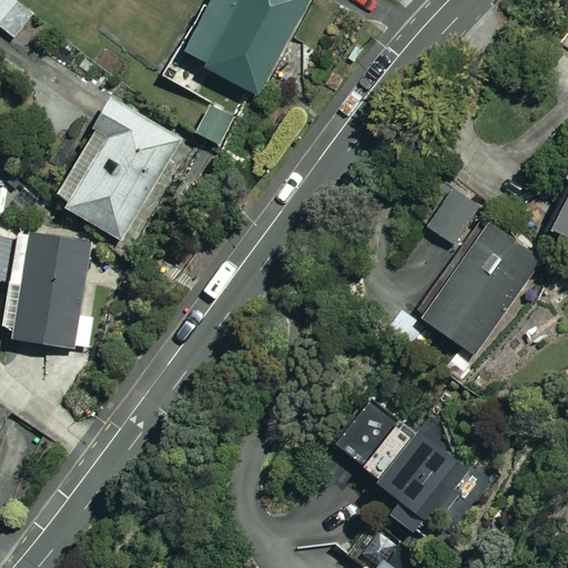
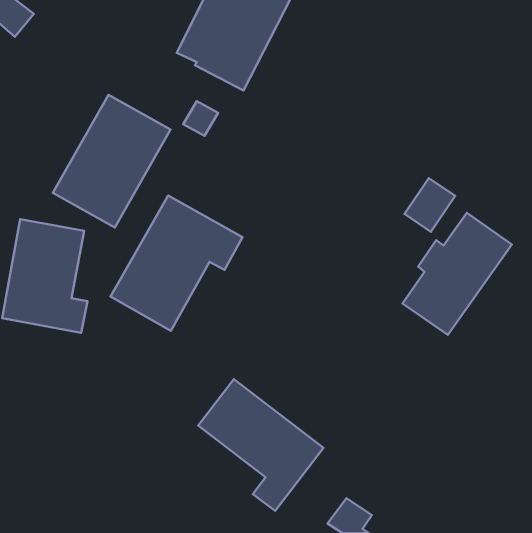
building: none -> [111,196,242,331]
building: [336,397,468,536] -> [198,379,323,511]

